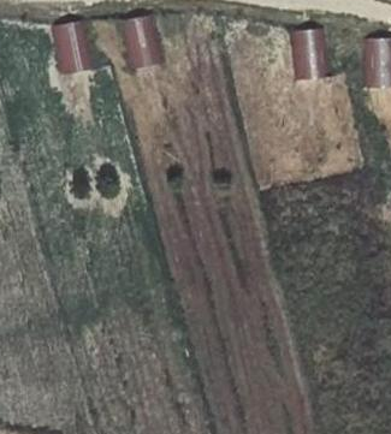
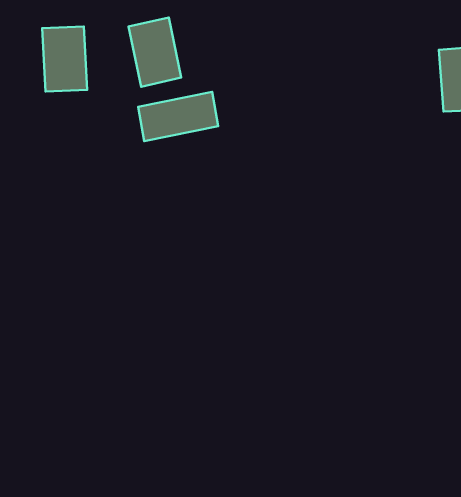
building: [291,28,328,81] -> none
building: none -> [138,92,218,141]

